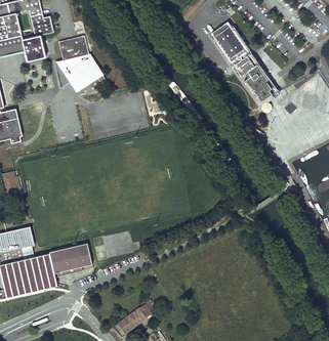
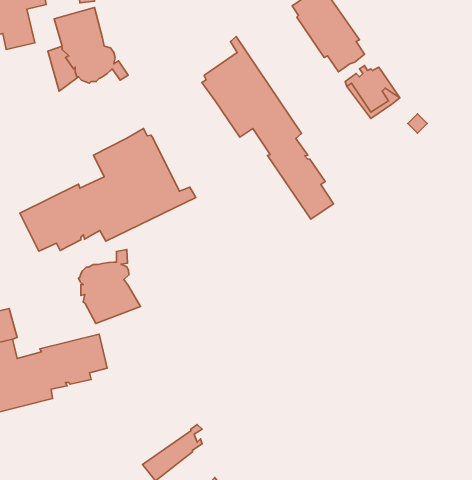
building: none -> [202,36,333,219]
building: none -> [20,129,196,251]
building: none -> [78,249,141,323]

